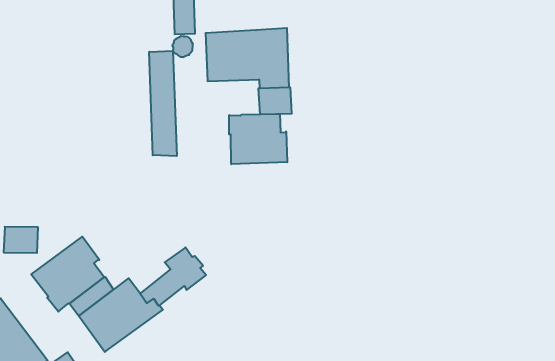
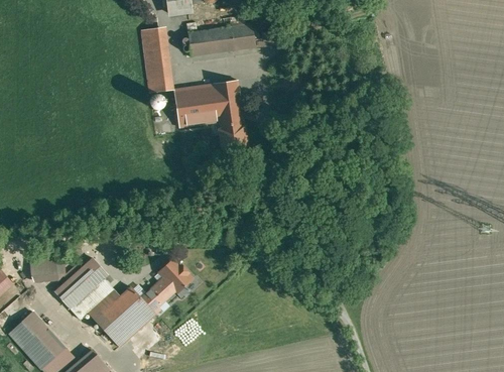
building: [149,51,177,156] -> none
building: [229,114,287,164] -> none

